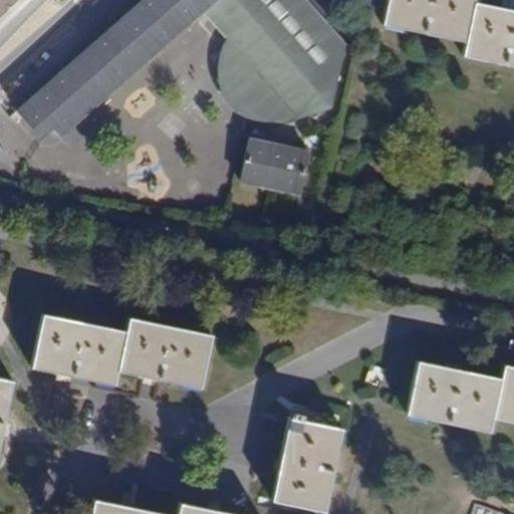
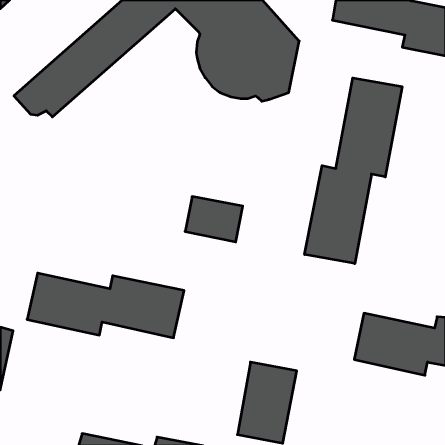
building: [221,38,298,118] -> none
building: none -> [305,78,402,264]
building: [242,141,308,193] -> [185,197,243,242]

